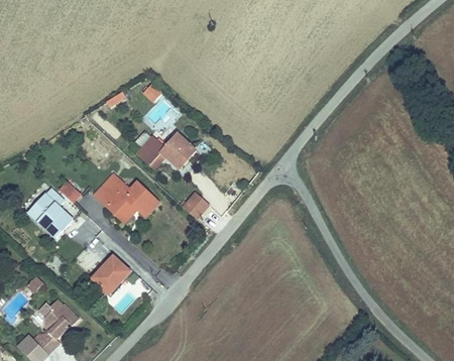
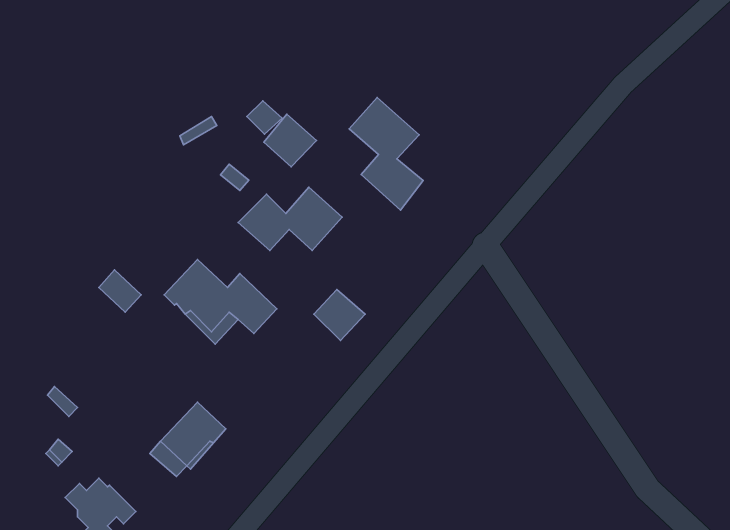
building: none -> [349,97,423,210]
building: none -> [264,114,316,167]
building: [23,189,79,239] -> none

